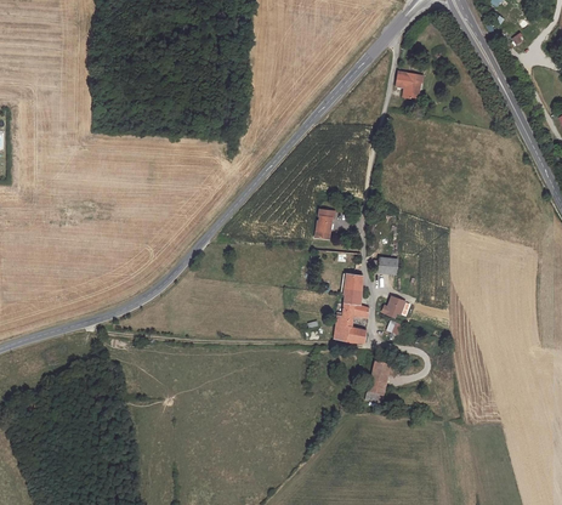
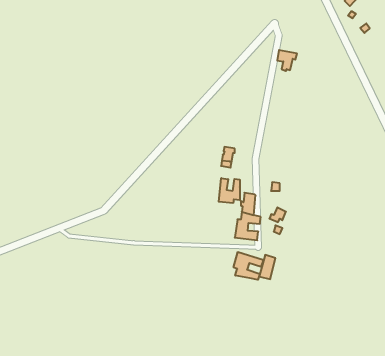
building: none -> [219,178,240,203]
building: none -> [234,252,263,280]

